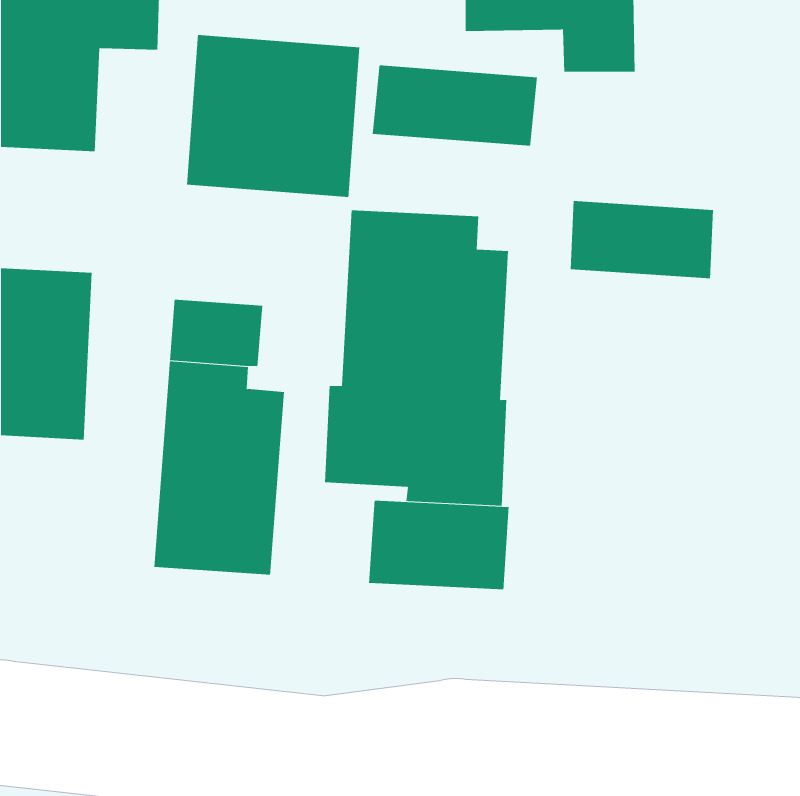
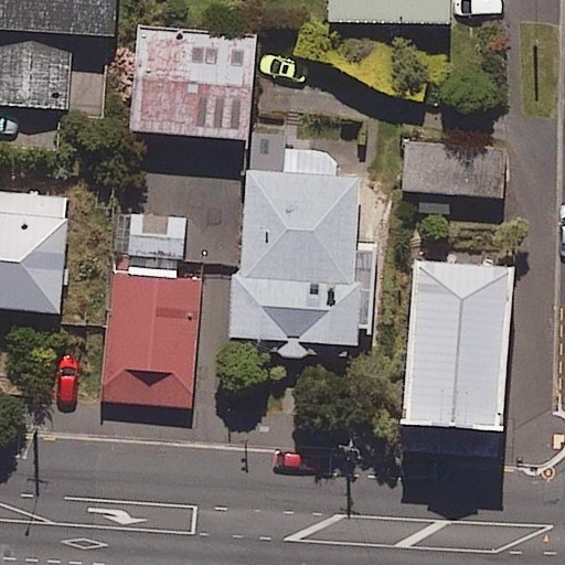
building: [372,65,537,147] -> none
building: none -> [401,263,509,428]
building: [369,500,509,590] -> none

